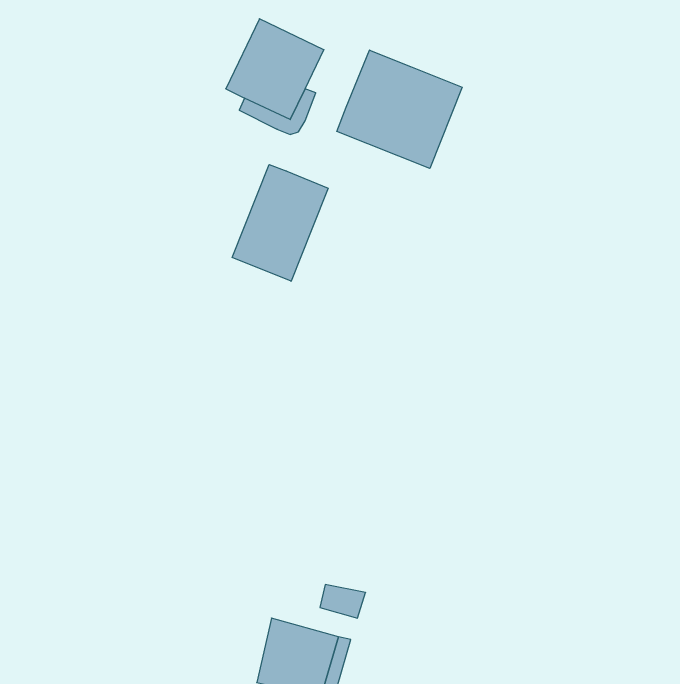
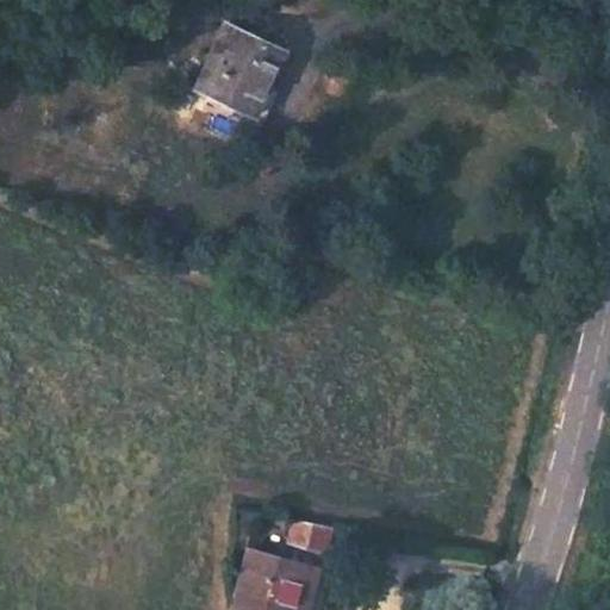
building: [337,50,462,168] -> none
building: [232,165,328,281] -> none

